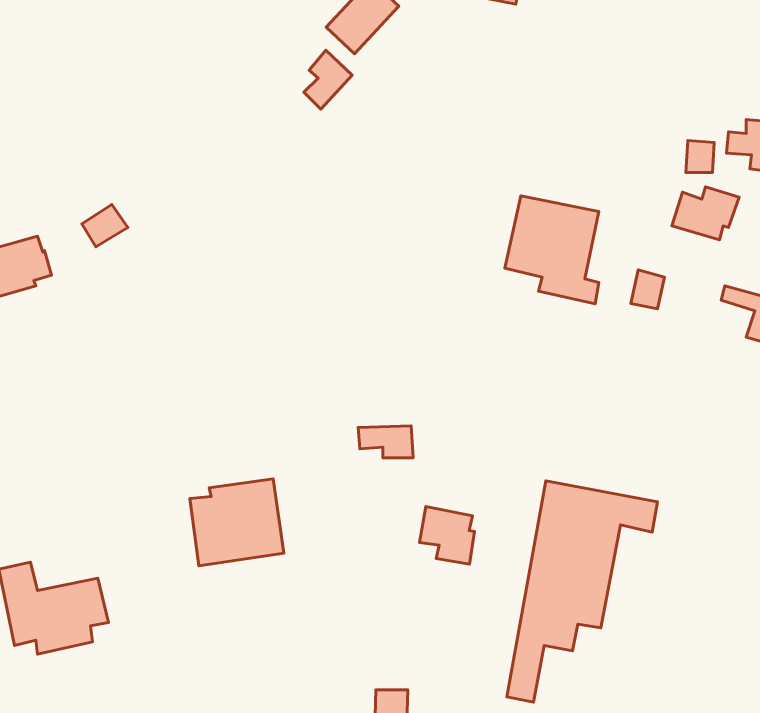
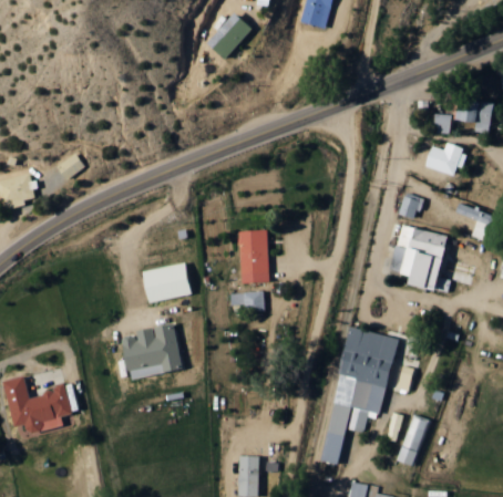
building: [304,50,352,109] -> none
building: [505,196,599,304] -> [390,225,449,292]
building: none -> [239,230,268,282]
building: none -> [142,262,192,302]
building: [419,506,474,564] -> none
building: none -> [396,414,429,466]

